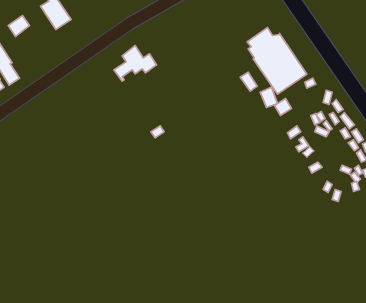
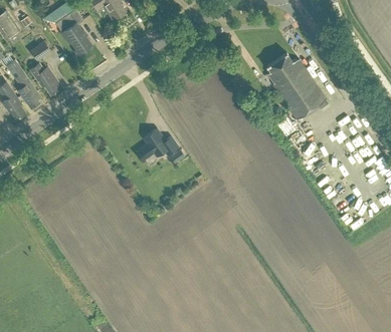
building: none -> [30,61,61,95]
building: [114,46,156,81] -> [137,128,179,163]

